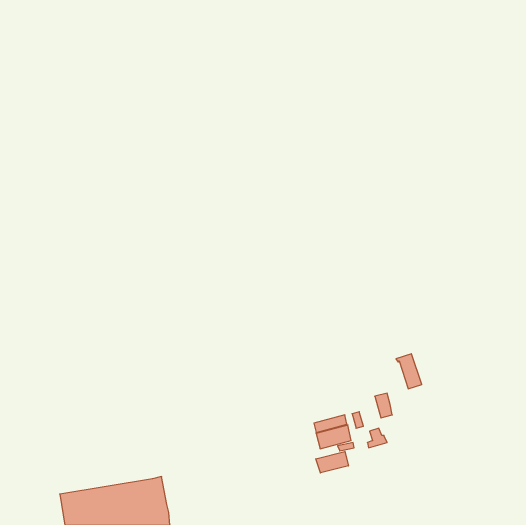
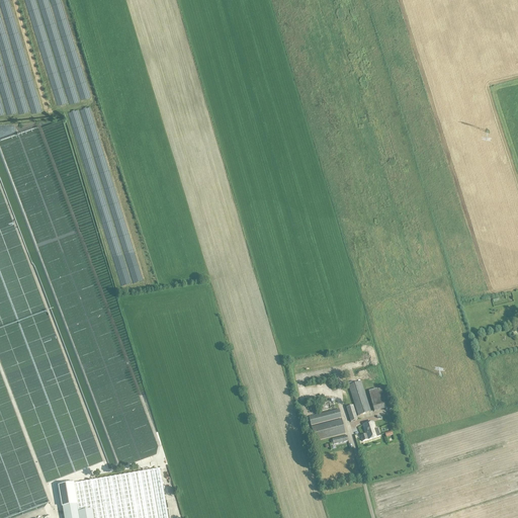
building: [396,354,422,389] -> [346,380,371,415]
building: [316,451,348,473] -> none

